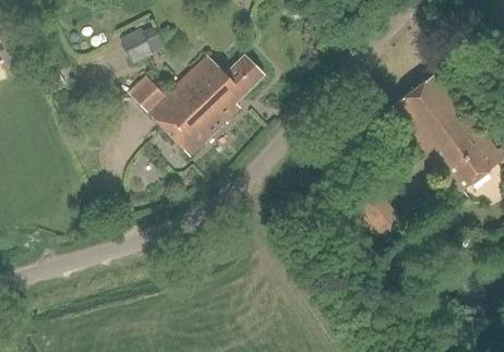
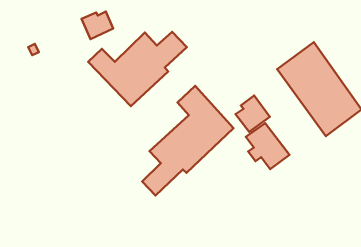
building: none -> [142,86,234,196]
building: none -> [236,96,270,132]

